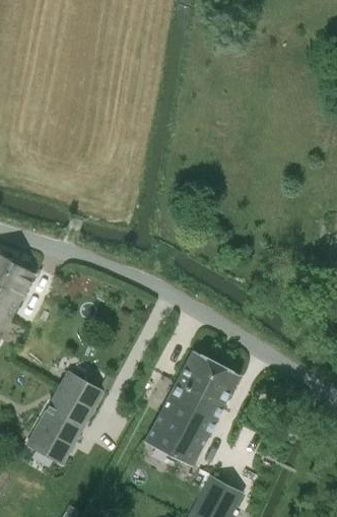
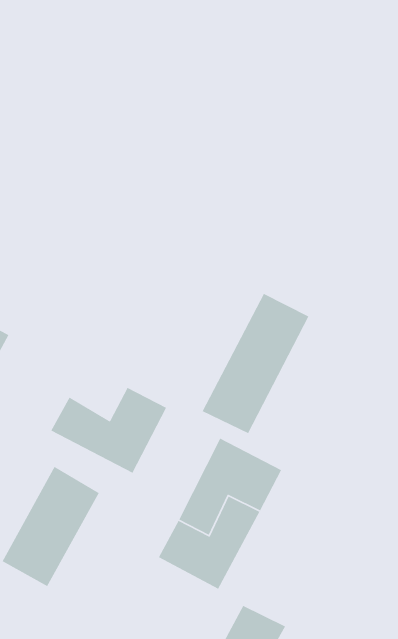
building: none -> [202,293,309,434]
building: none -> [50,387,167,474]

